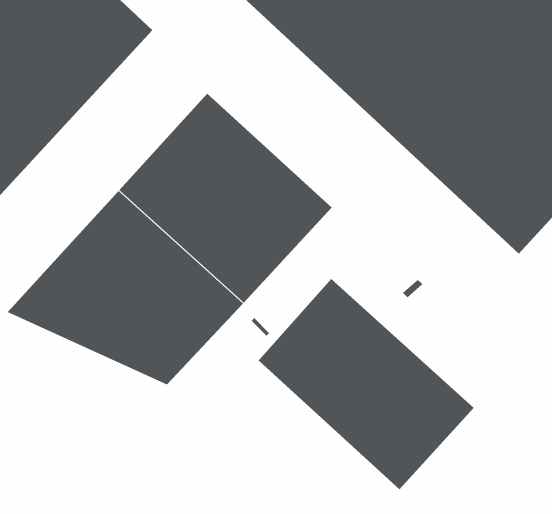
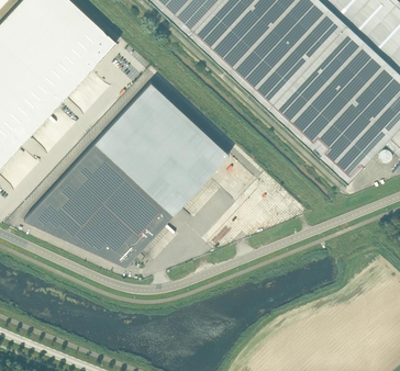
building: [258,278,474,490] -> none

